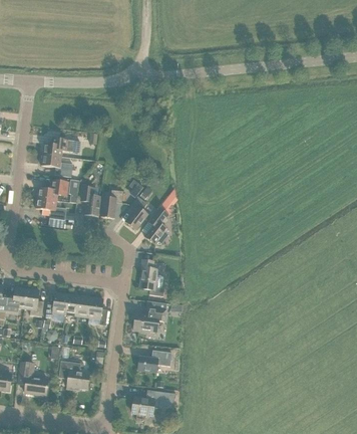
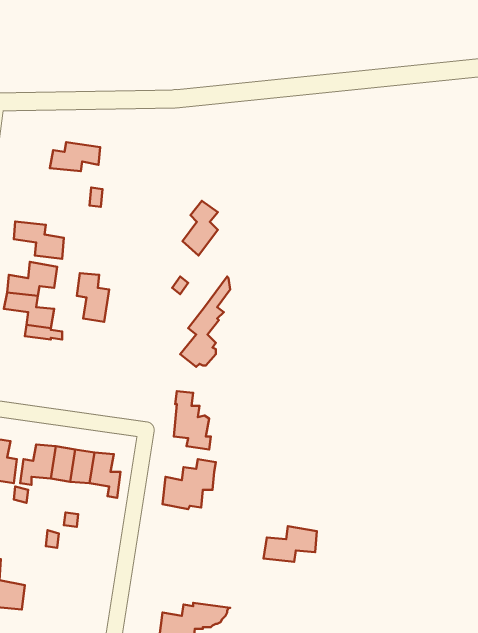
building: [42,138,73,156] -> [50,142,100,171]
building: [100,189,123,218] -> none
building: [125,196,147,230] -> [182,201,218,256]
building: [137,350,170,372] -> [264,526,317,562]
building: [58,361,89,389] -> none

